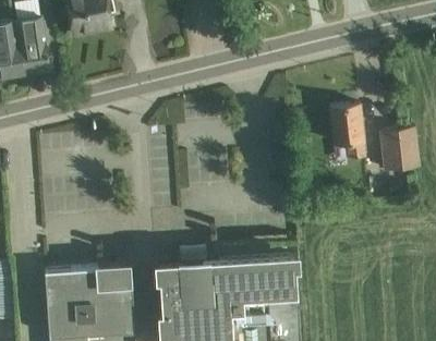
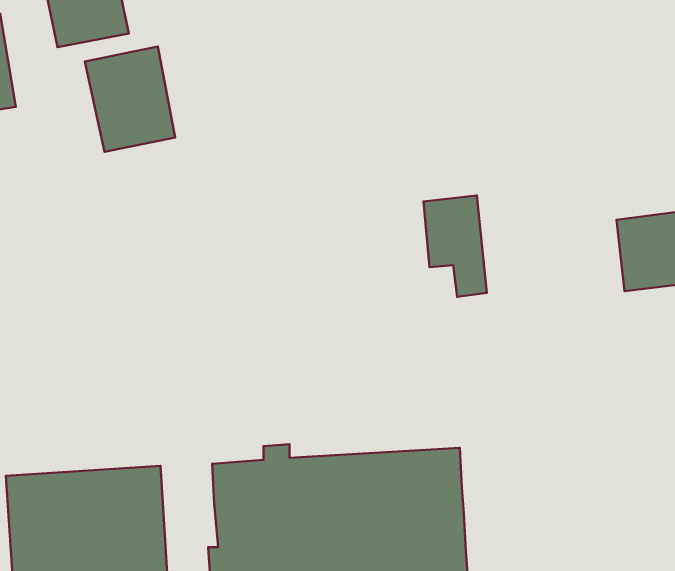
building: none -> [85,46,175,152]
building: [330,107,365,162] -> [423,196,487,297]

